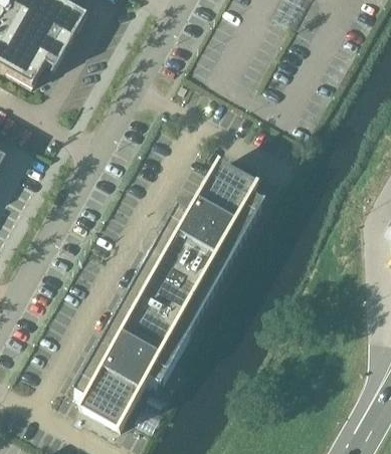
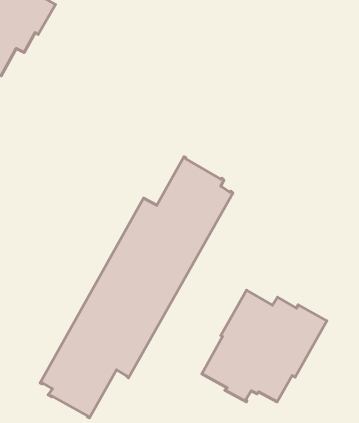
building: none -> [202,290,327,402]

